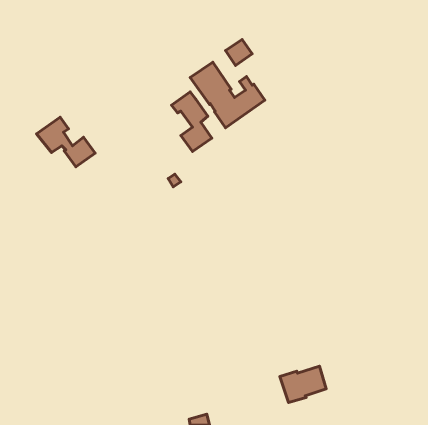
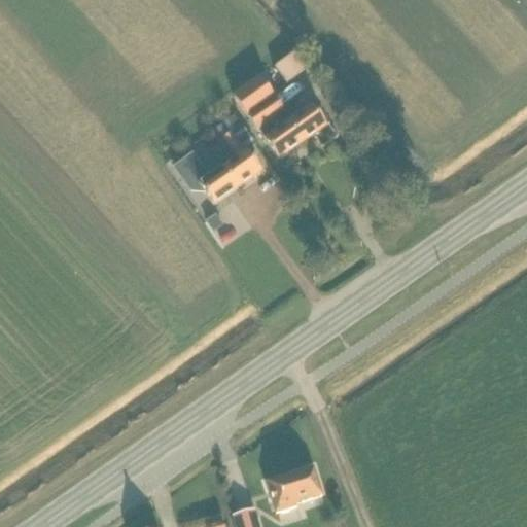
building: [36,117,95,167] -> [166,141,238,202]
building: [280,366,326,402] -> [267,464,323,508]

